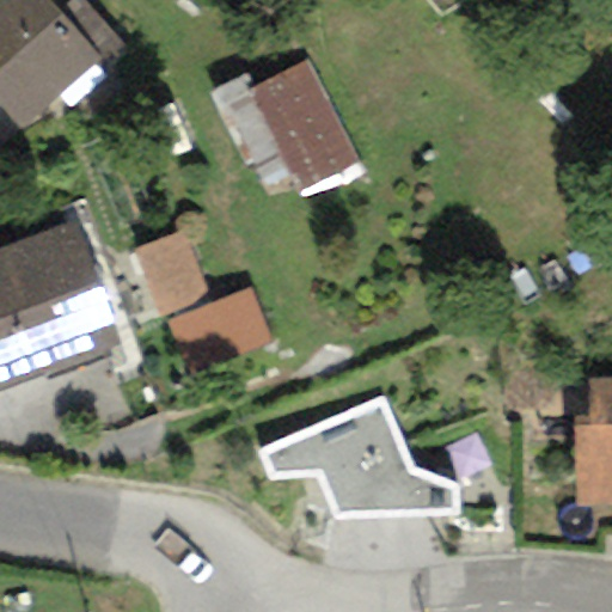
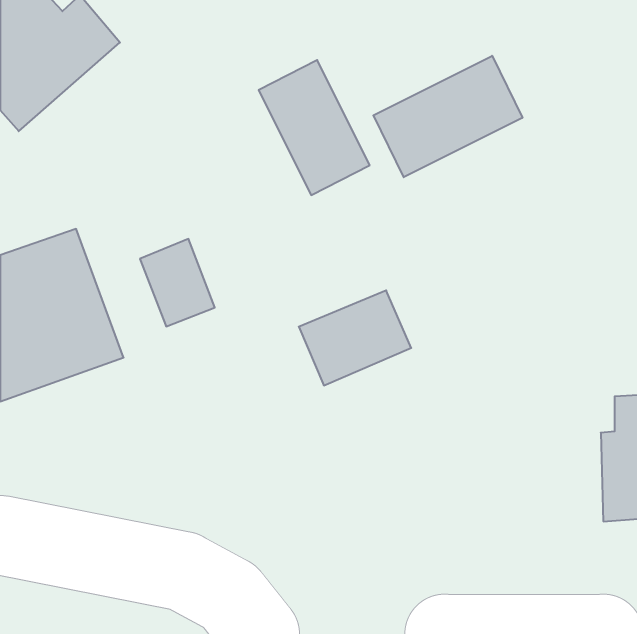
building: none -> [373,56,522,177]
building: [165,282,273,373] -> [299,290,411,385]
building: [256,398,459,515] -> none

